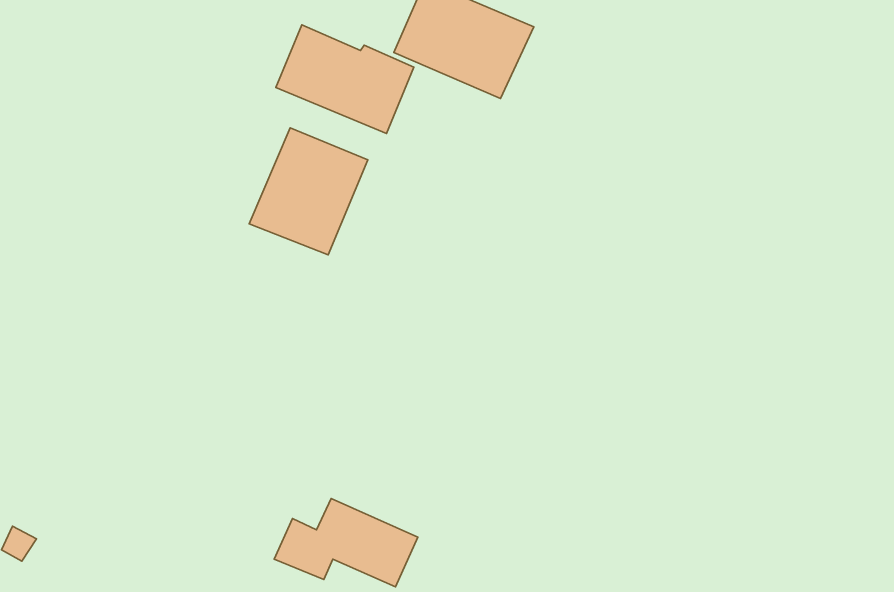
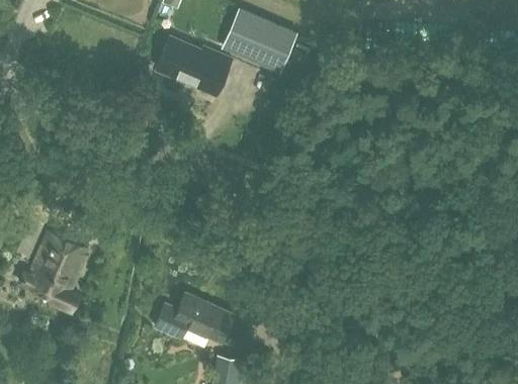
building: [249,128,368,255] -> none
building: none -> [19,232,88,312]

